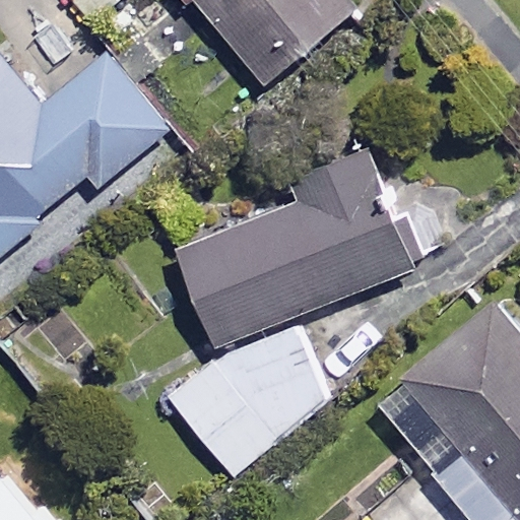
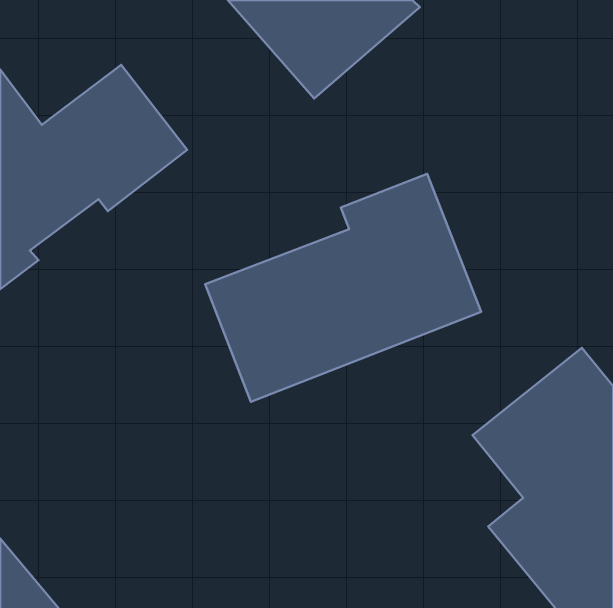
building: [171,318,341,478] -> none

